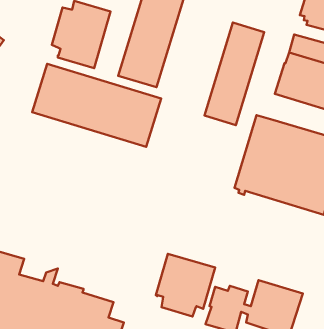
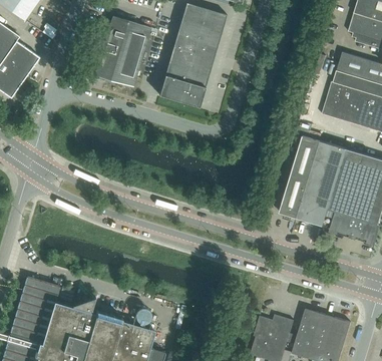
building: [205,23,264,125] -> none
building: [32,64,161,147] -> none
building: [156,254,215,317] -> none

